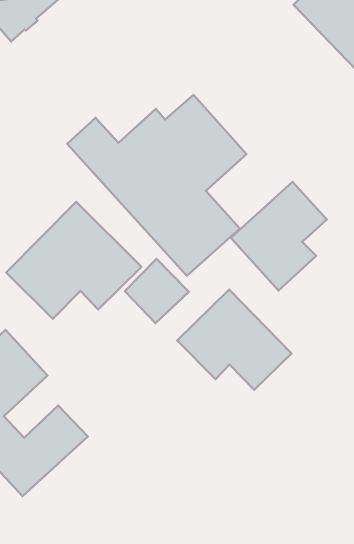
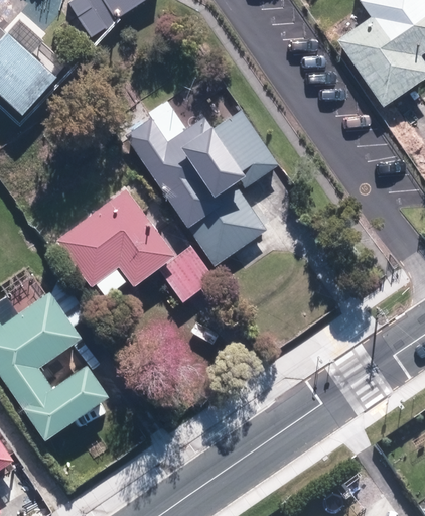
building: [231,182,327,291] -> none
building: [177,289,291,390] -> none

